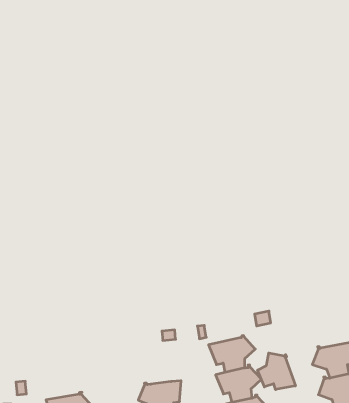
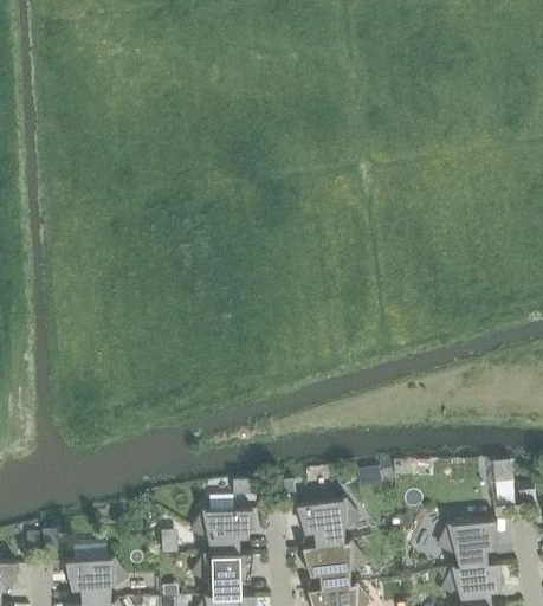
building: none -> [192,509,253,554]
building: [258,353,295,390] -> none

